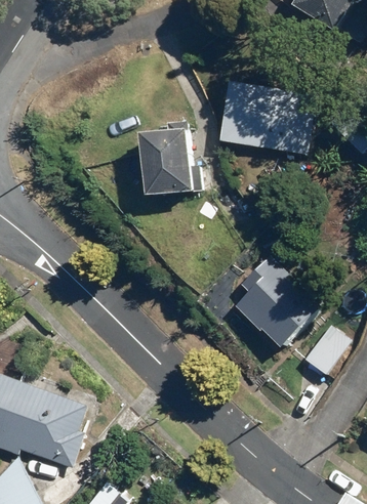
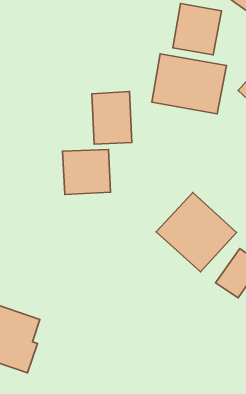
building: none -> [173,3,221,55]
building: none -> [63,149,110,195]

